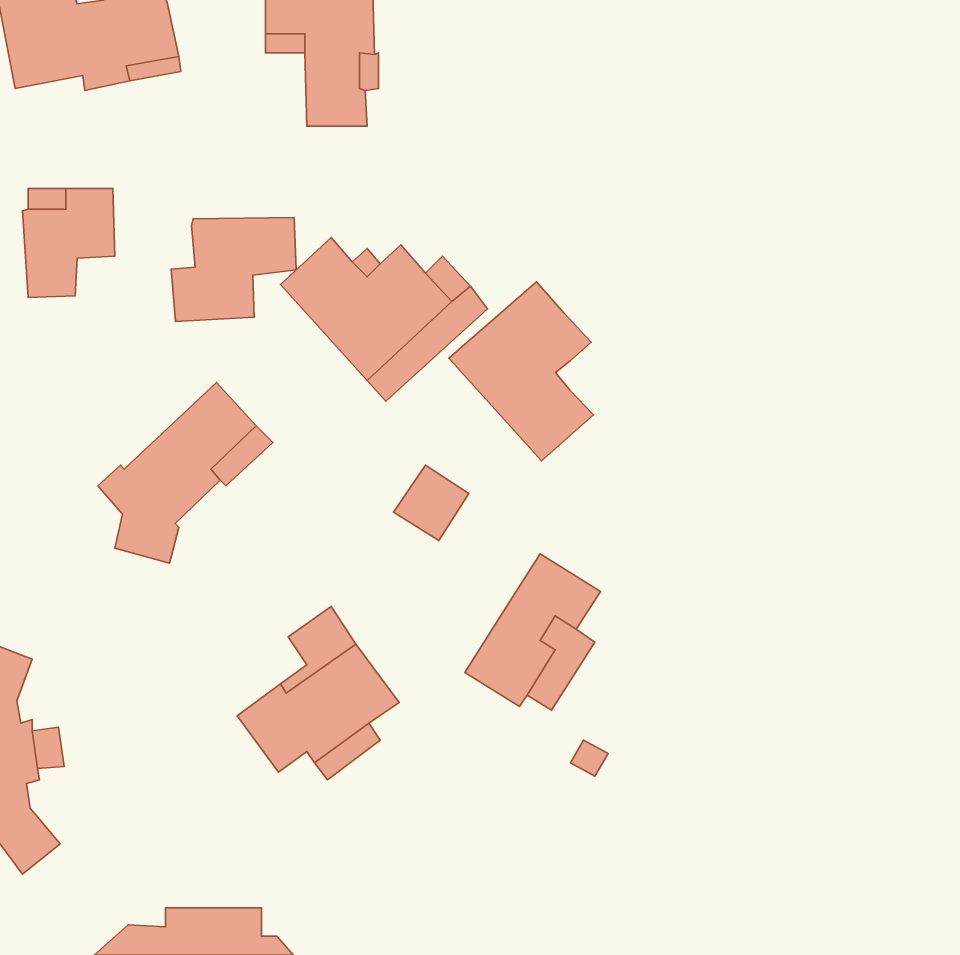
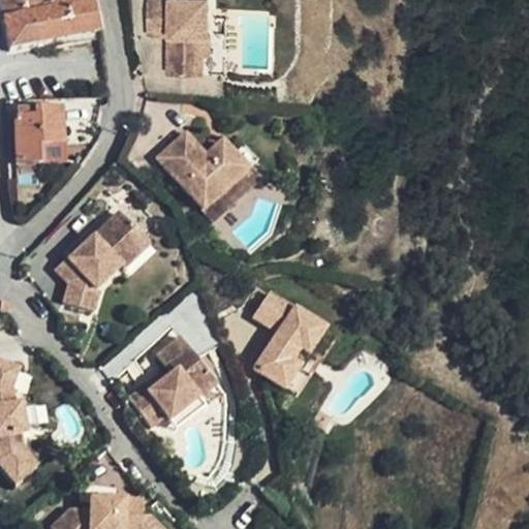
building: [171,217,296,321] -> none
building: [449,282,594,461] -> none
building: [394,465,469,541] -> [255,288,297,330]

